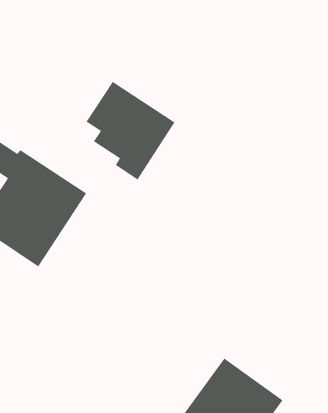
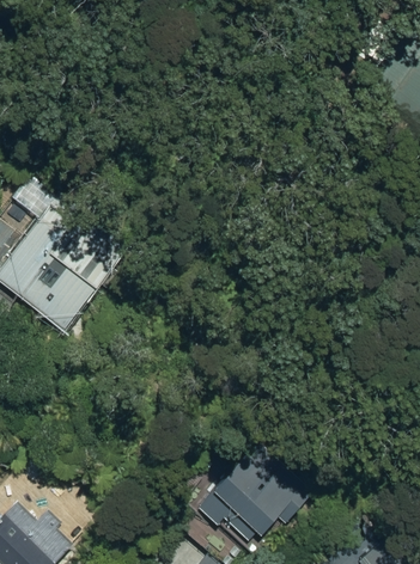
building: [86,81,175,180] -> none

